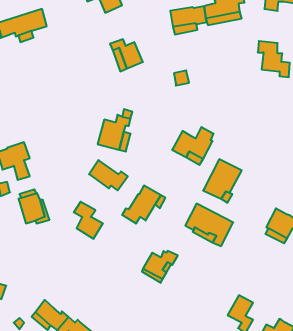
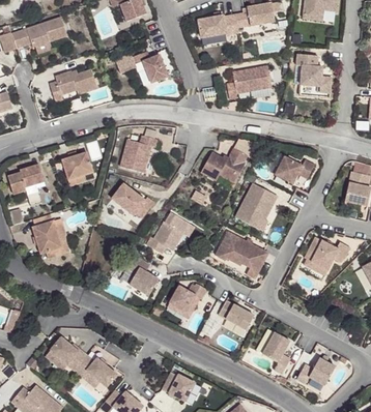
building: none -> [227,65,273,98]
building: none -> [47,66,95,98]
building: none -> [61,151,93,183]
building: none -> [275,155,315,182]
building: [74,202,103,239] -> [126,255,159,295]
building: none -> [219,299,254,329]

